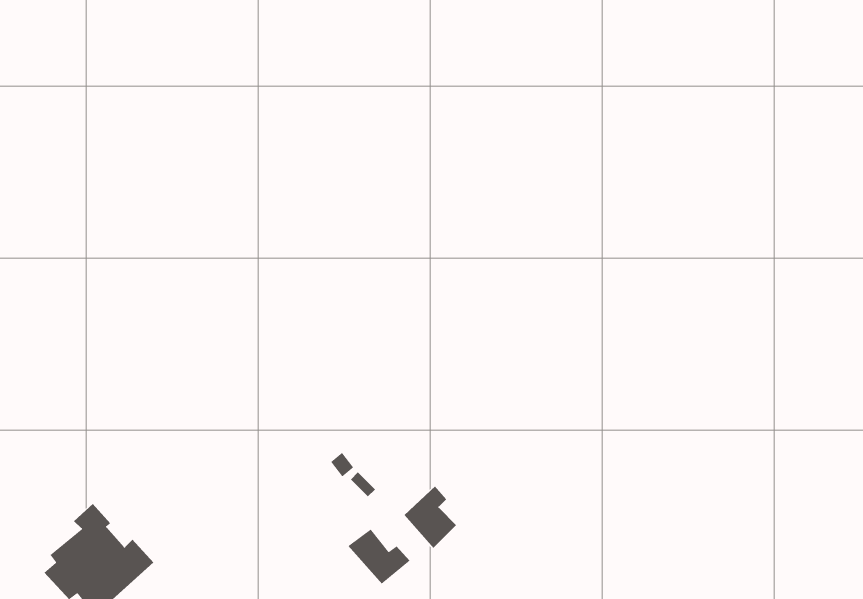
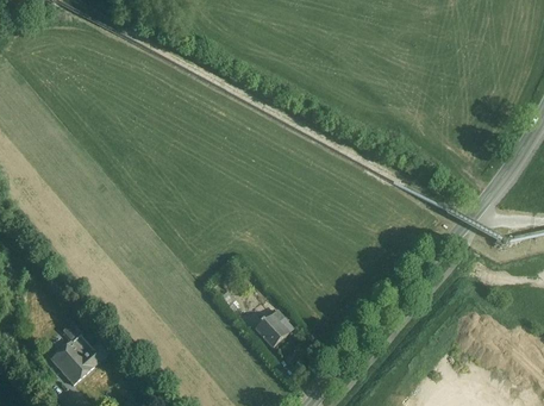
building: [348,529,411,584] -> none

